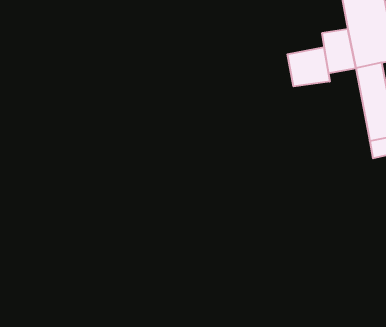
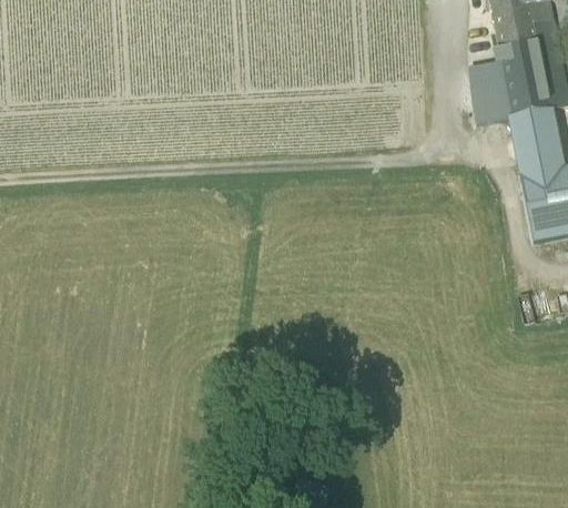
building: [287,47,330,86] -> none

